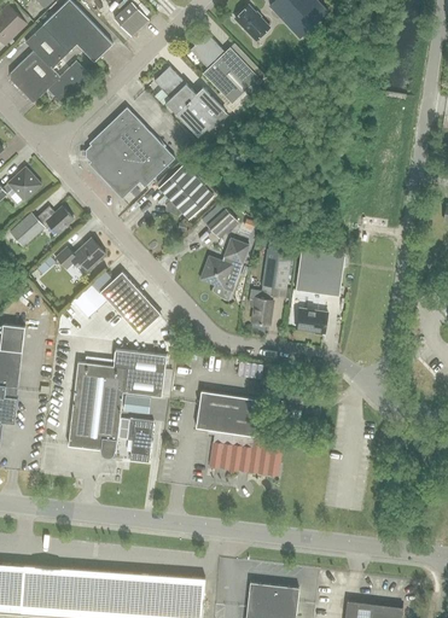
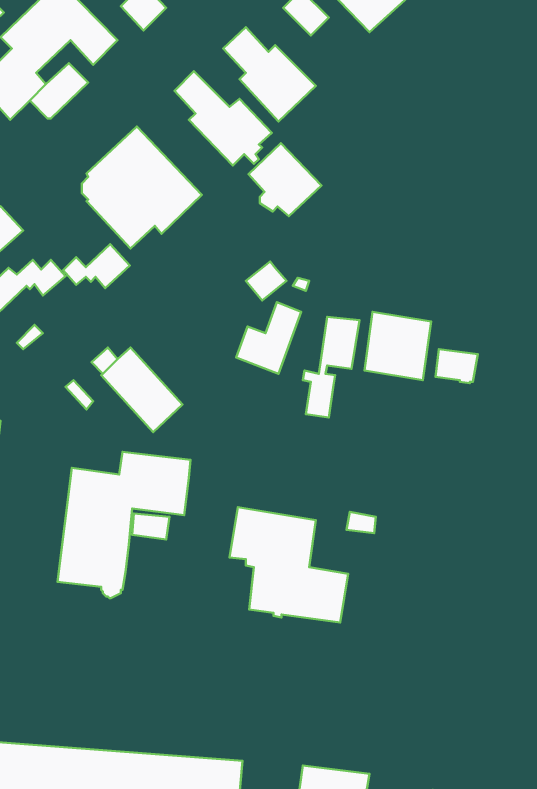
building: [159,164,214,218] -> [248,143,321,216]
building: [57,238,106,270] -> [63,244,130,288]
building: [297,308,328,333] -> [436,349,478,383]
building: [118,418,153,462] -> none

